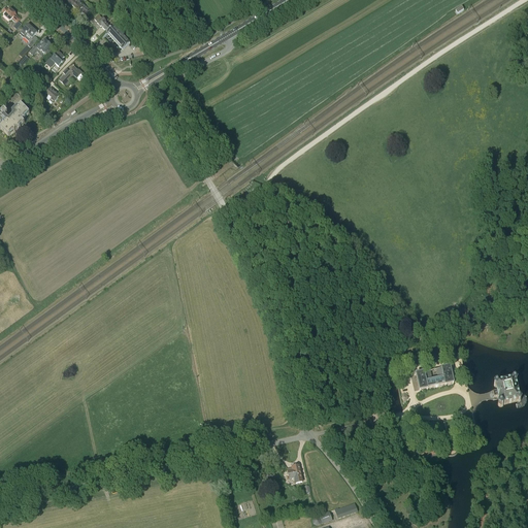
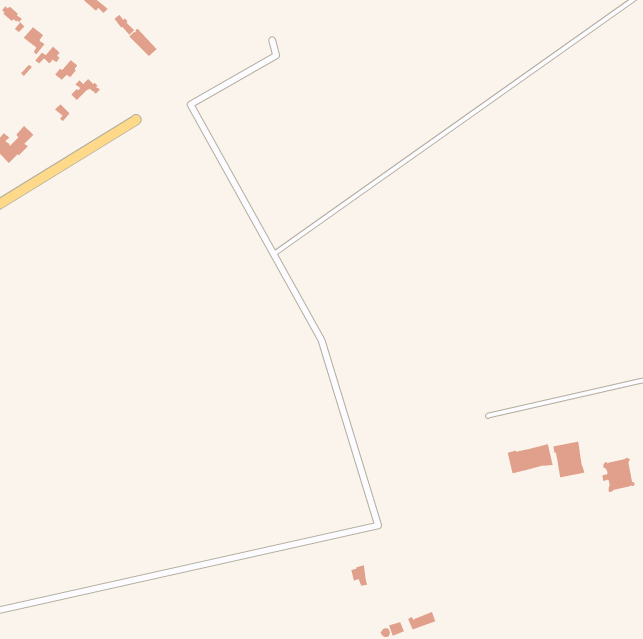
building: none -> [553,441,585,478]

